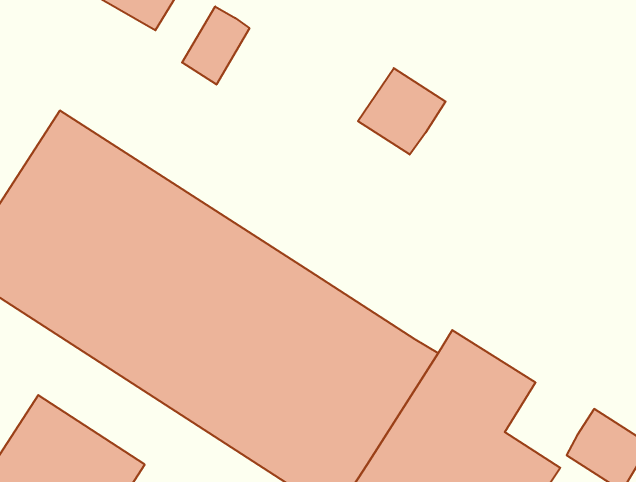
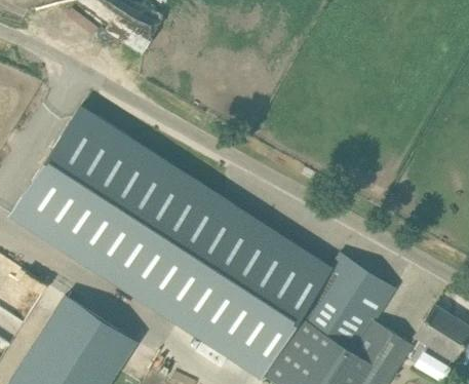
building: [182,6,249,85] -> none
building: [358,68,446,155] -> none

